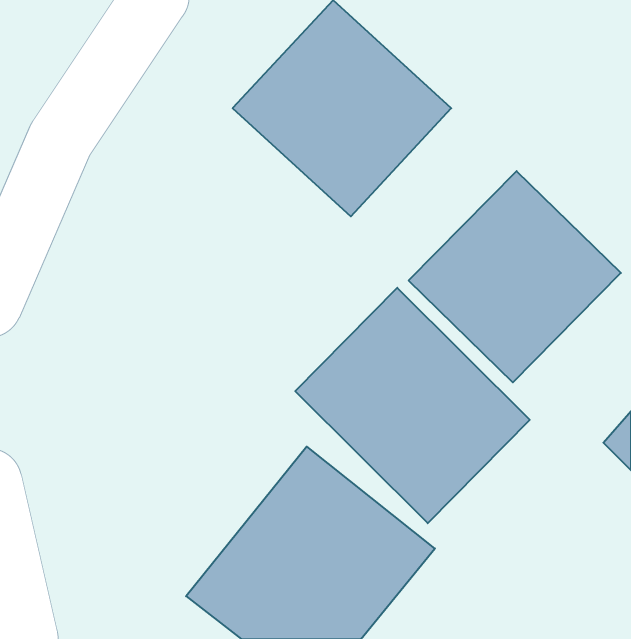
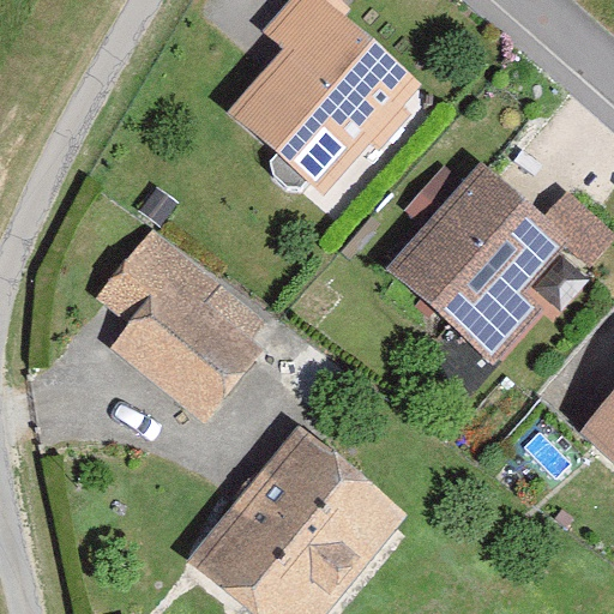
building: none -> [77,211,273,402]
building: [295,288,530,523] -> none

